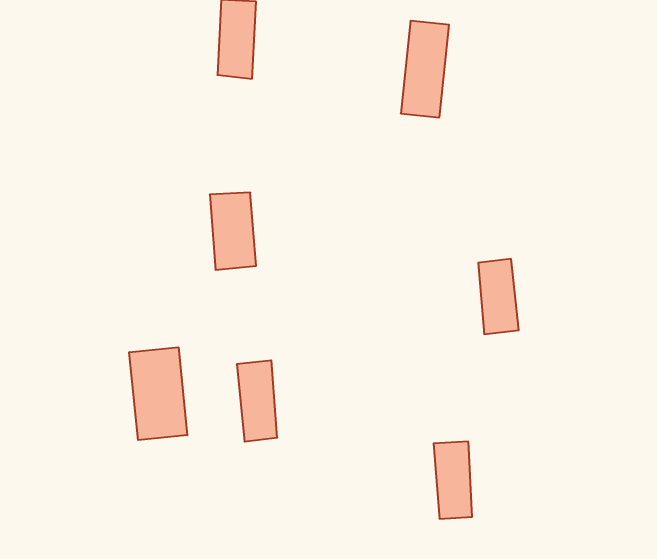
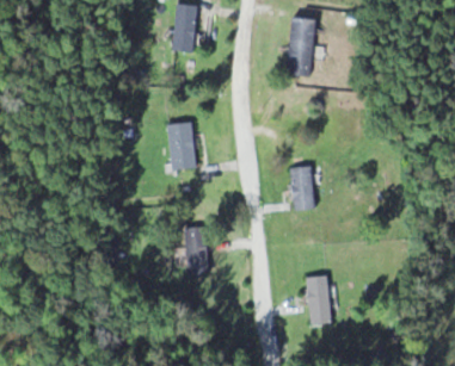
building: [478,259,519,334] -> [290,165,315,211]
building: [129,347,187,440] -> none

